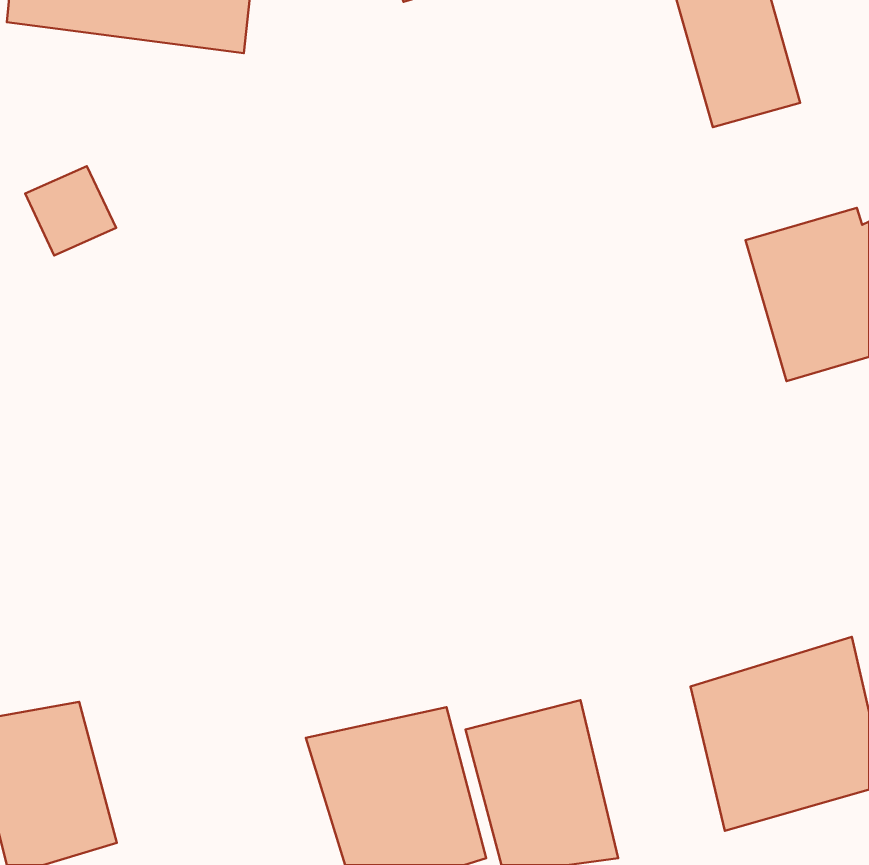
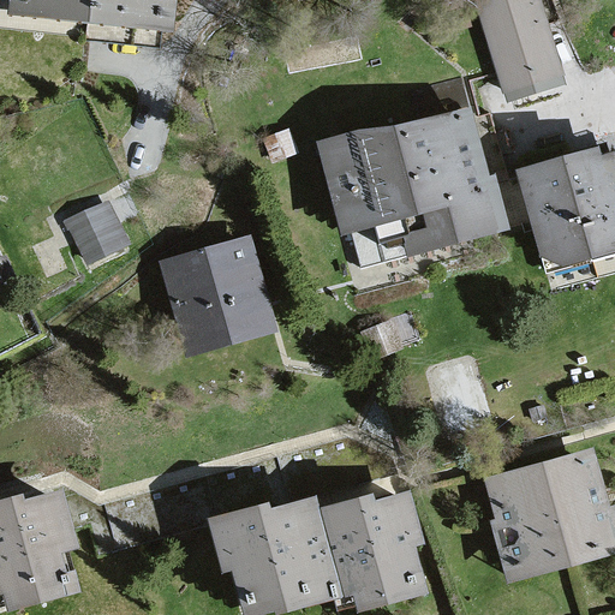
building: none -> [321,100,512,269]
building: [25,166,116,255] -> [64,196,127,258]
building: none -> [160,237,275,354]

